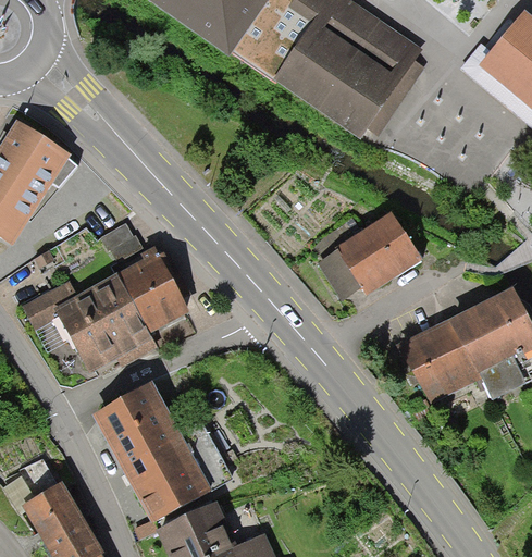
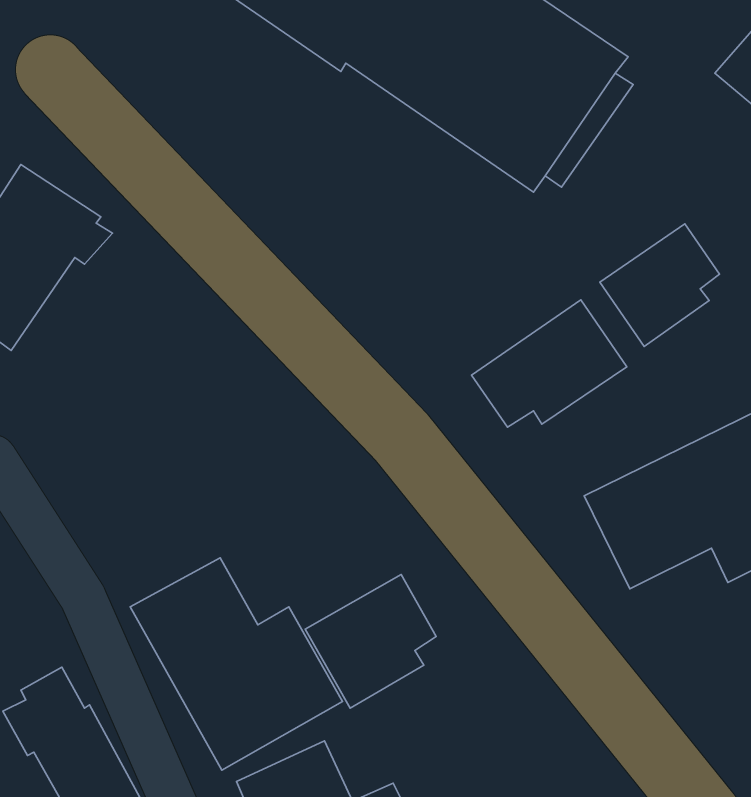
building: none -> [600,224,719,346]
building: [24,223,189,376] -> none
building: none -> [305,575,436,708]

